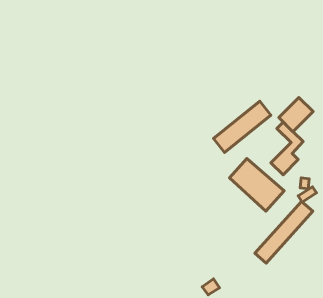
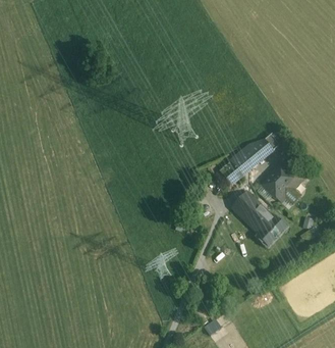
building: [279,97,313,132] -> [260,162,294,197]
building: [255,201,313,263] -> none

